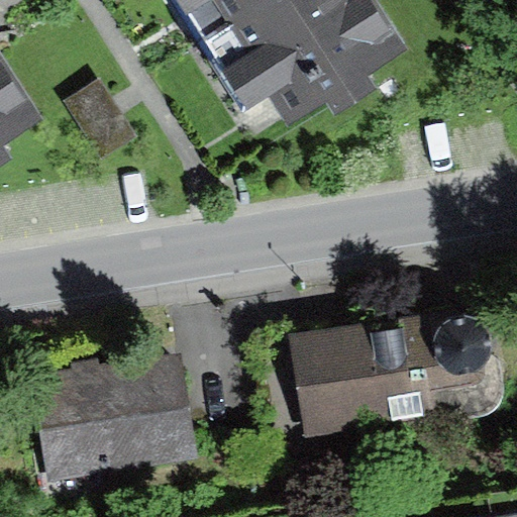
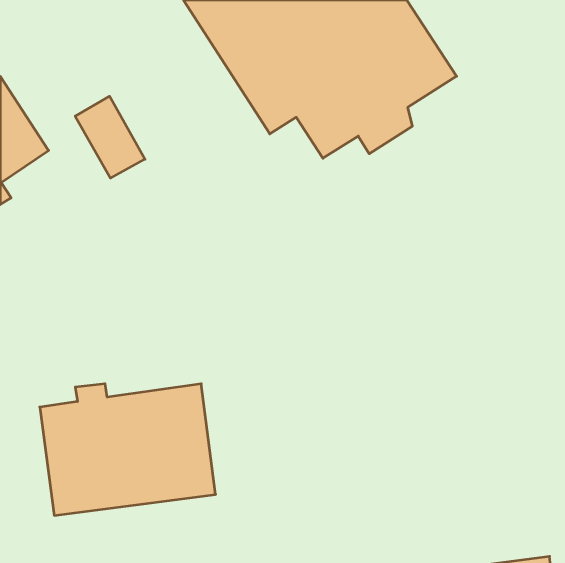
building: [288,295,497,432] -> none

